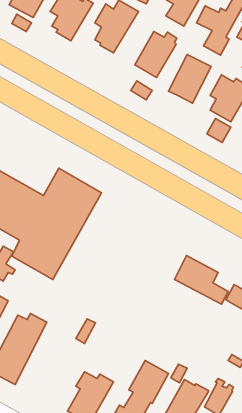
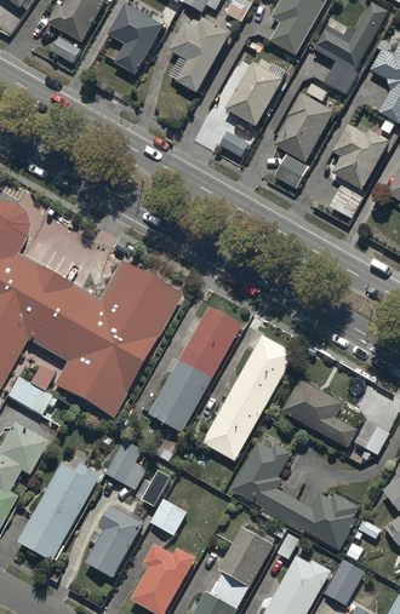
building: none -> [274,153,309,188]
building: none -> [148,308,241,432]
building: none -> [201,337,295,461]
building: none -> [104,441,147,489]
building: none -> [230,441,358,550]
building: none -> [149,498,187,535]
building: none -> [84,505,143,579]

